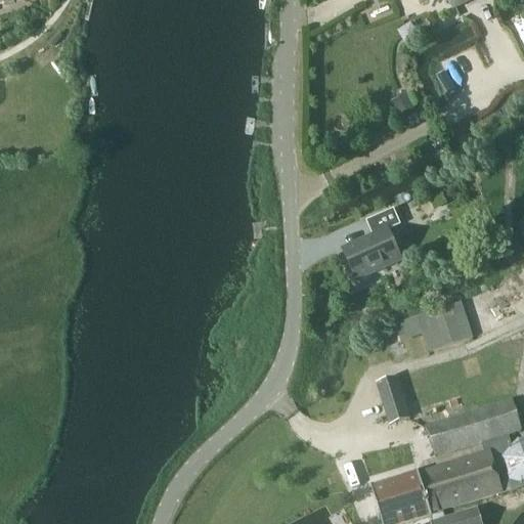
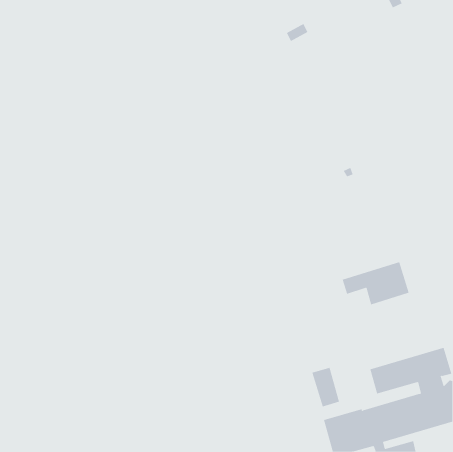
building: [342,207,400,277] -> none
building: [377,376,409,422] -> [311,367,340,407]

